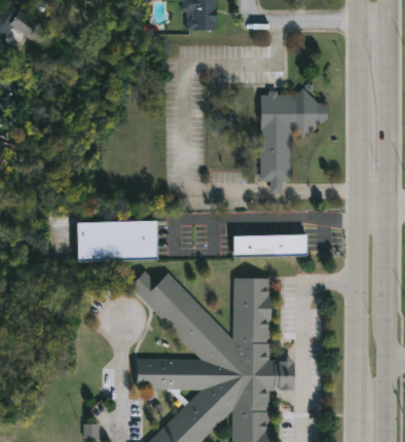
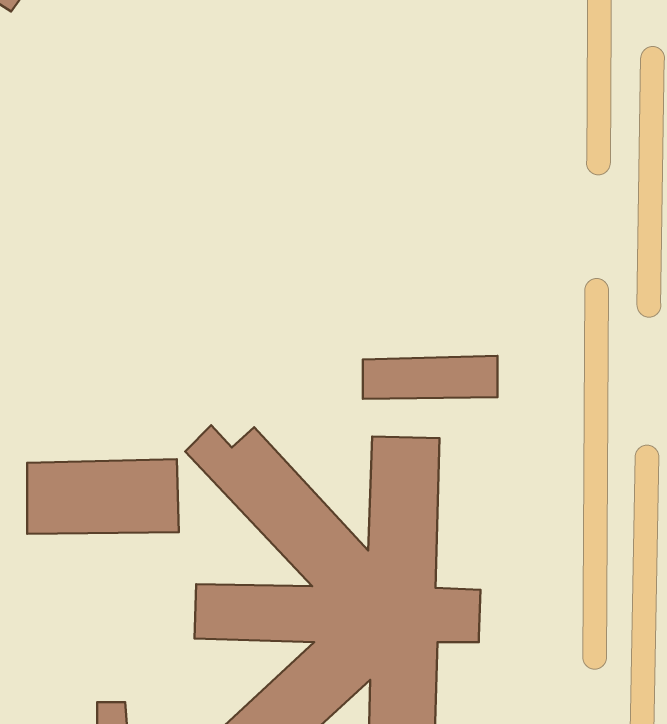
building: [258,88,326,191] -> none
building: [74,219,157,260] -> [27,459,179,534]

